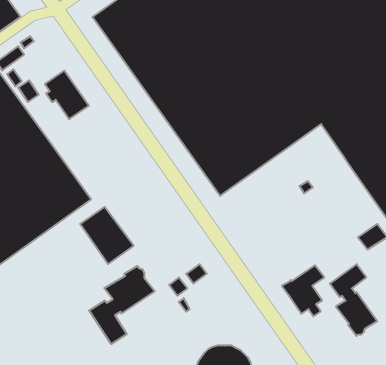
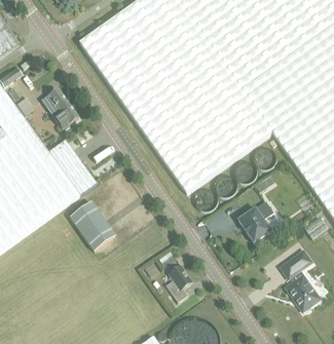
building: none -> [48,141,96,196]
building: [282,265,324,316] -> [237,201,273,244]
building: [89,266,155,344] -> none
building: none -> [165,266,192,302]

